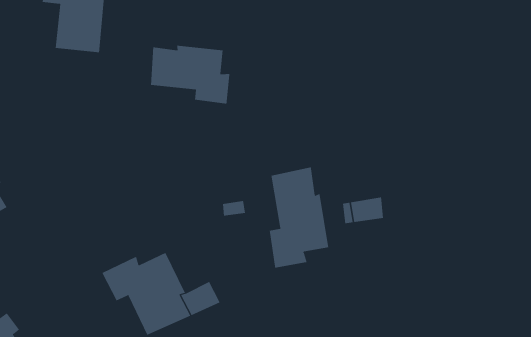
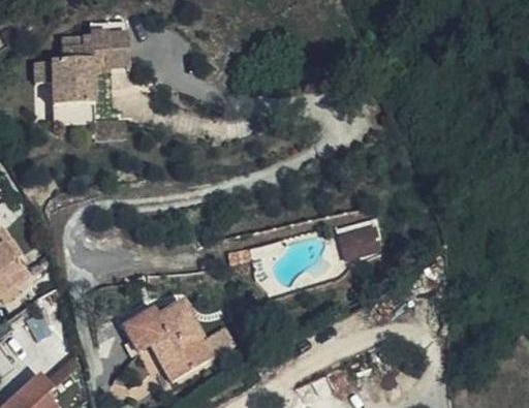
building: [150,45,230,105] -> none
building: [269,166,329,268] -> none

